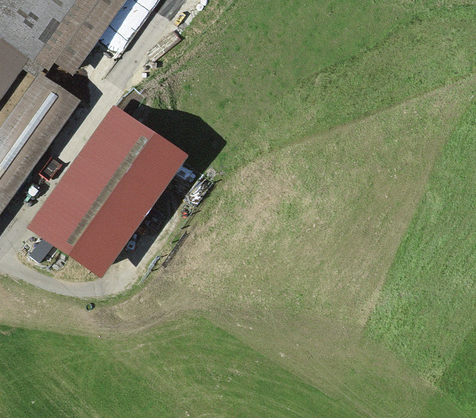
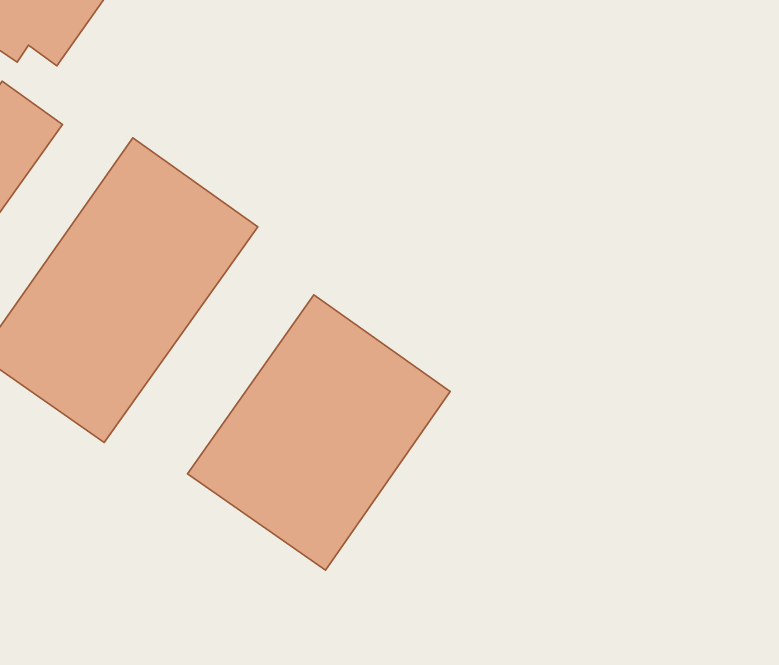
building: none -> [188,295,450,570]

